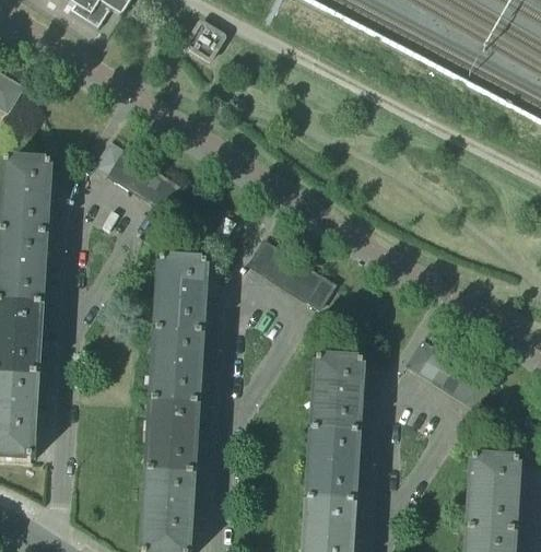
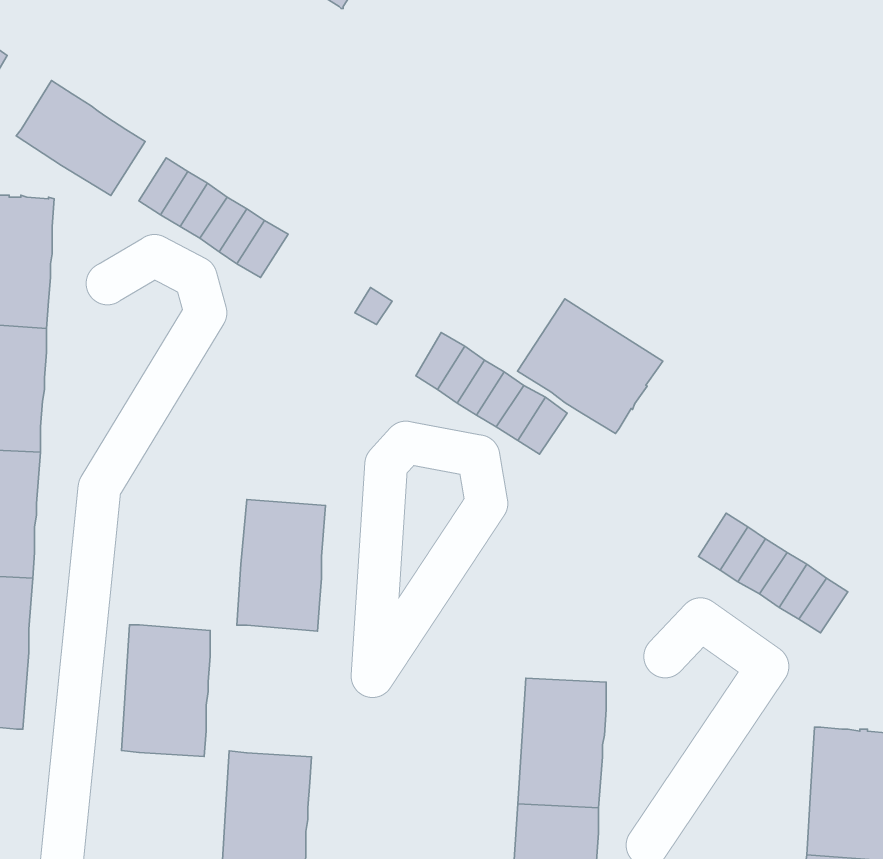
building: none -> [16,81,145,196]
building: none -> [517,299,663,434]
building: [157,262,207,337] -> none
building: [313,361,363,435] -> none
building: [148,403,197,477] -> [122,625,210,756]

